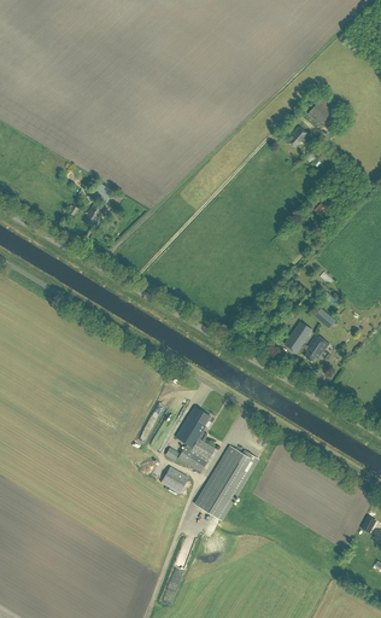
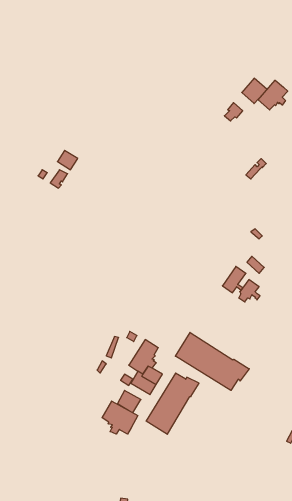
building: none -> [258,80,288,110]
building: none -> [175,332,249,390]
building: none -> [102,401,138,434]

